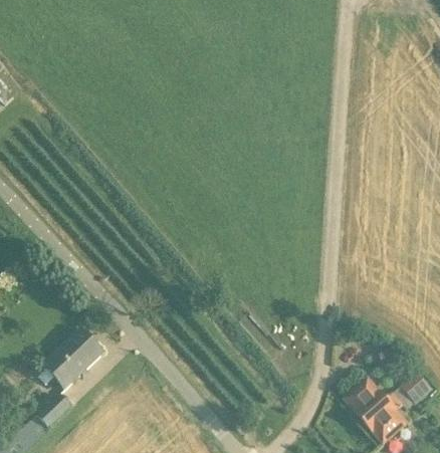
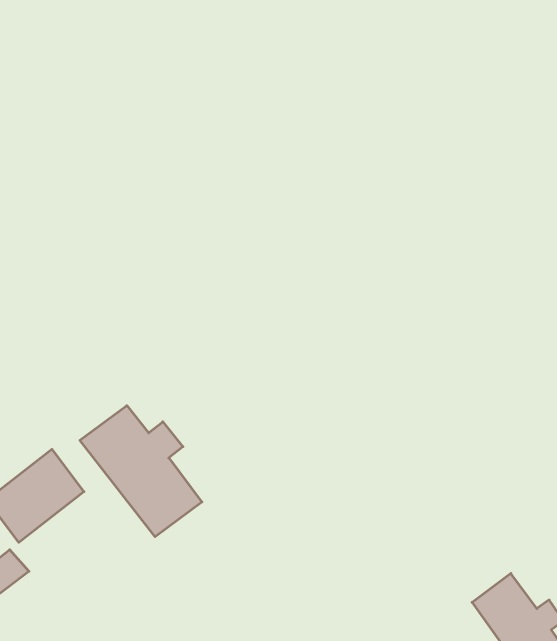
building: none -> [80,406,202,537]

